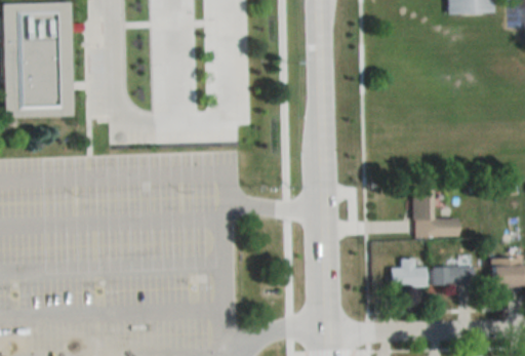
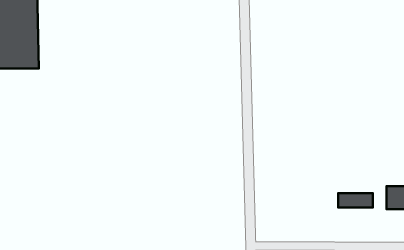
building: [414,190,459,236] -> none
building: [392,262,428,284] -> none

